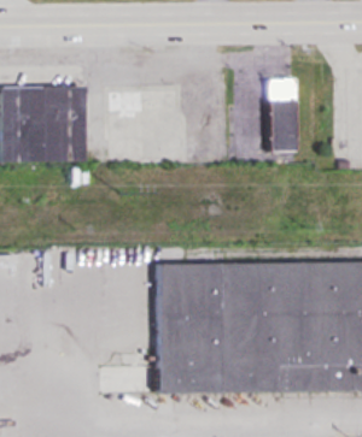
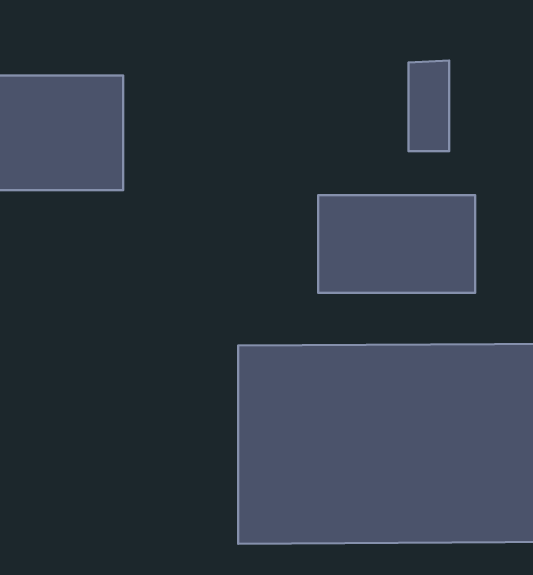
building: none -> [318,195,475,293]

